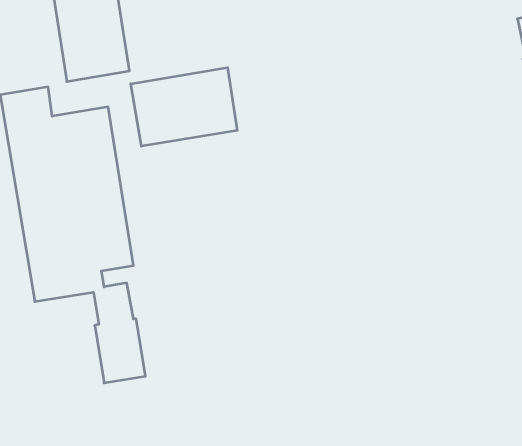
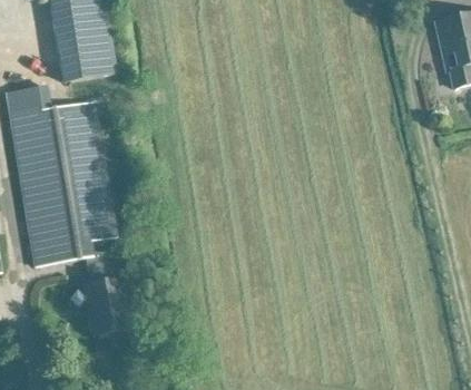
building: [131,68,237,146] -> none

